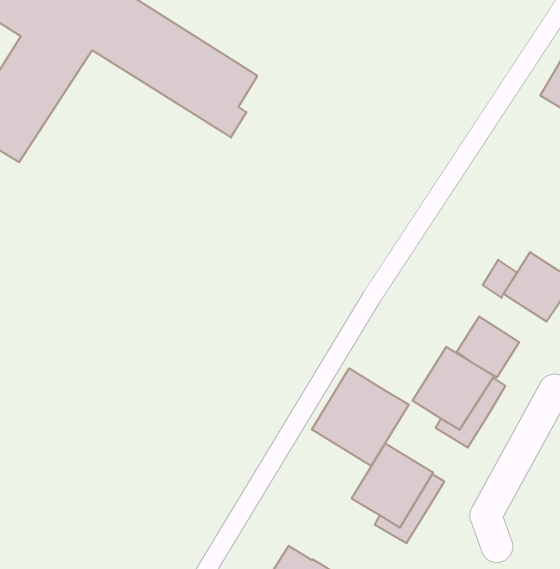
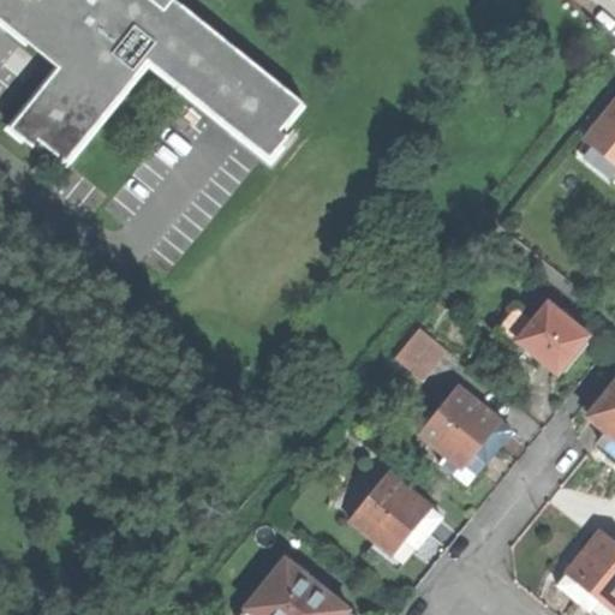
building: none -> [394,326,447,380]
building: [457,316,519,377] -> none
building: [312,368,409,466] -> none

